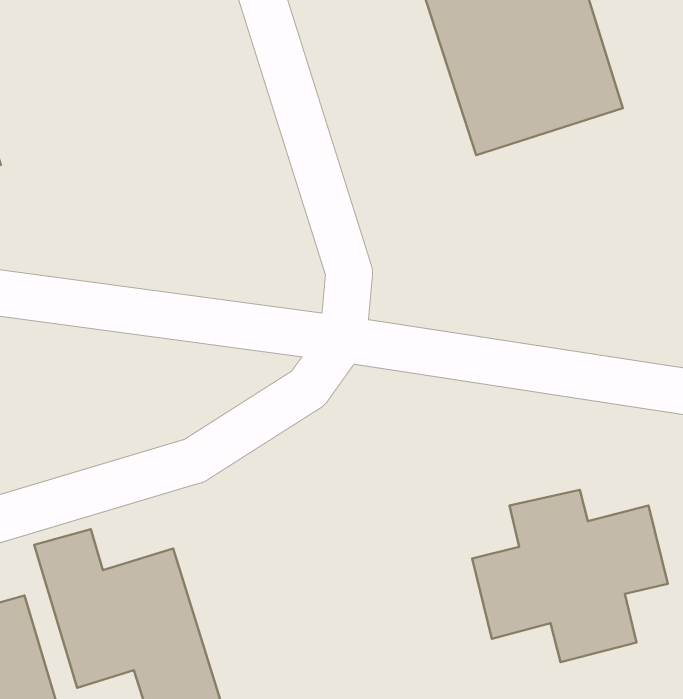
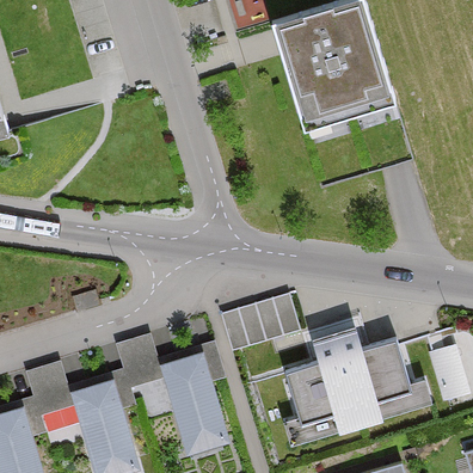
building: none -> [219,295,297,351]
building: none -> [116,328,228,444]

